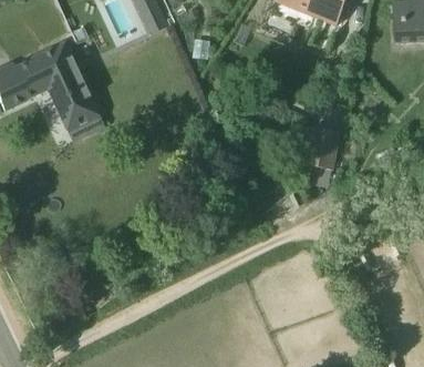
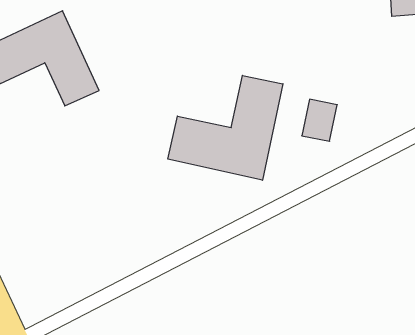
building: none -> [168,75,283,180]

